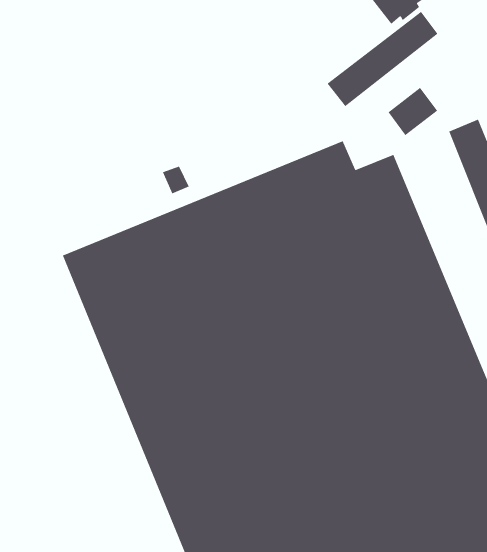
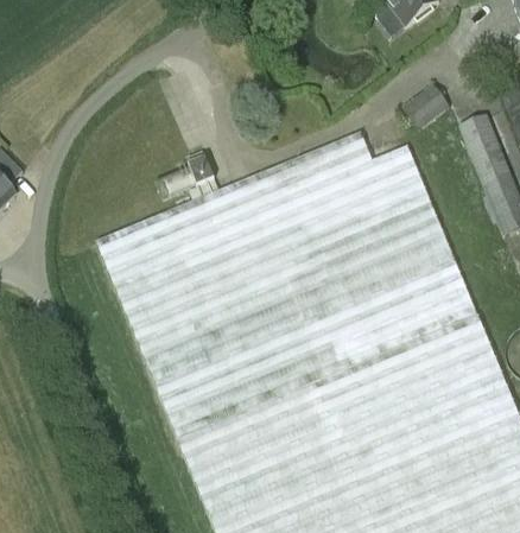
building: [327,11,439,107] -> none

